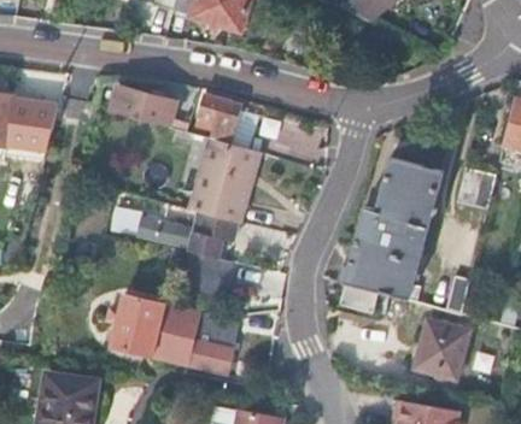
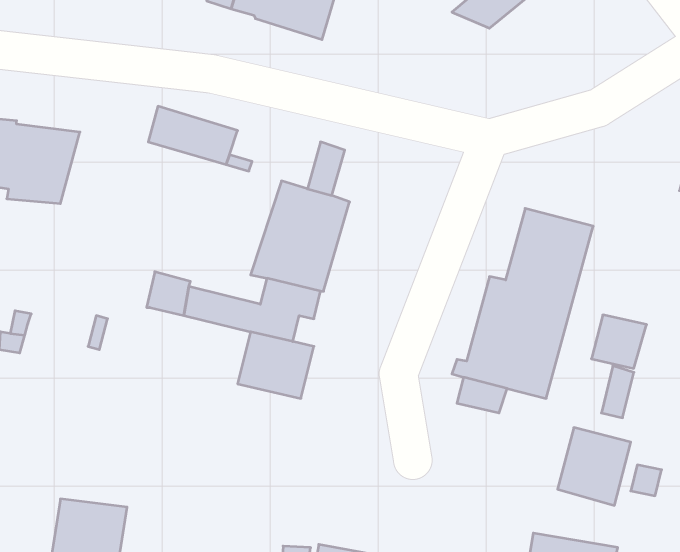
building: [198,94,240,145] -> none
building: [458,169,499,208] -> [591,315,647,368]
building: [111,293,239,371] -> none

